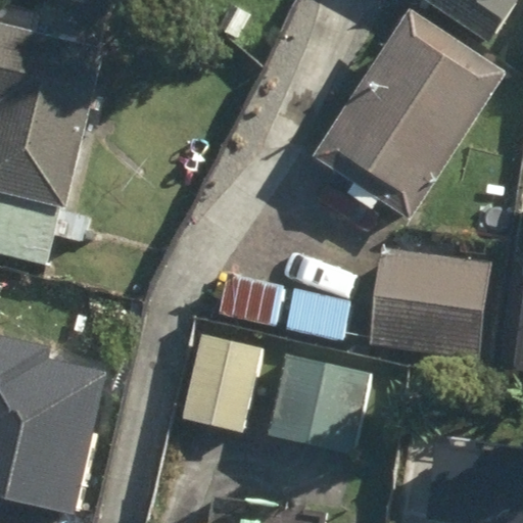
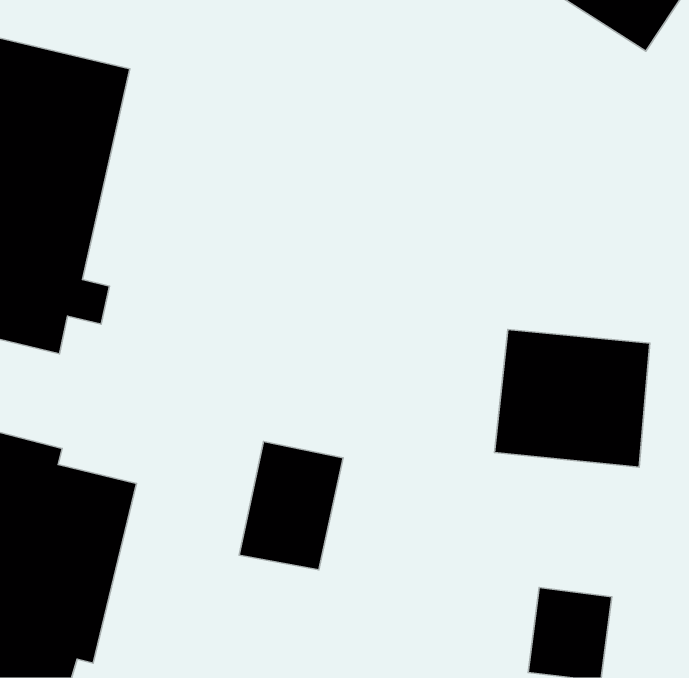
building: [314,10,507,221] -> none
building: [268,354,369,453] -> none

